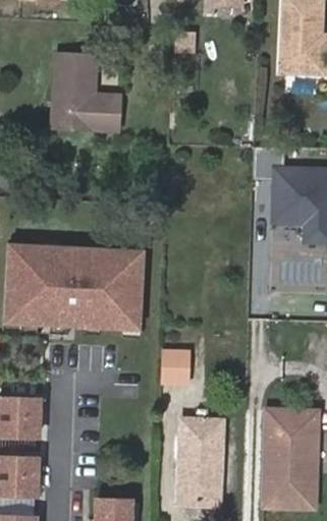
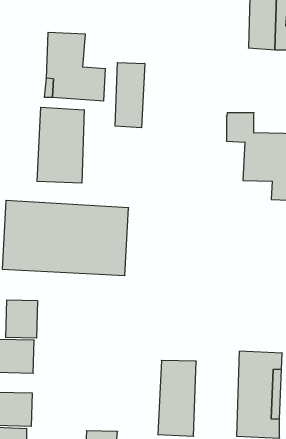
building: none -> [115,63,145,128]
building: none -> [37,107,84,183]
building: [162,350,189,385] -> none
building: none -> [6,300,37,338]

